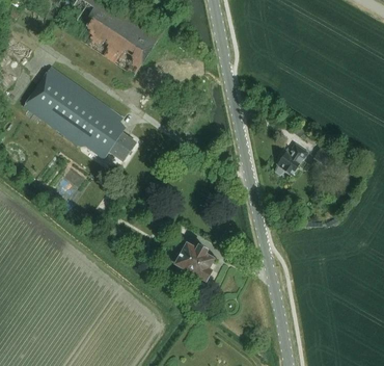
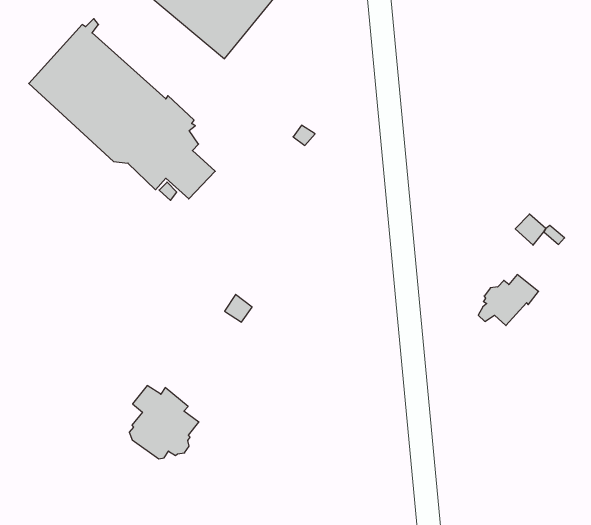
building: [275,145,308,175] -> [478,275,539,326]
building: [175,241,215,283] -> [129,386,199,459]

